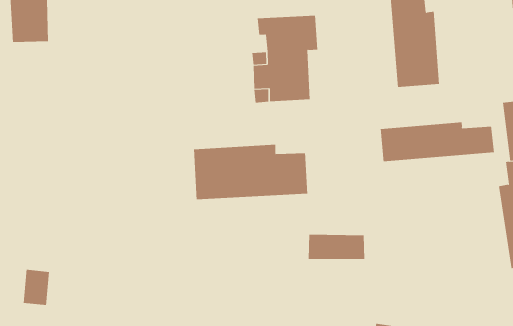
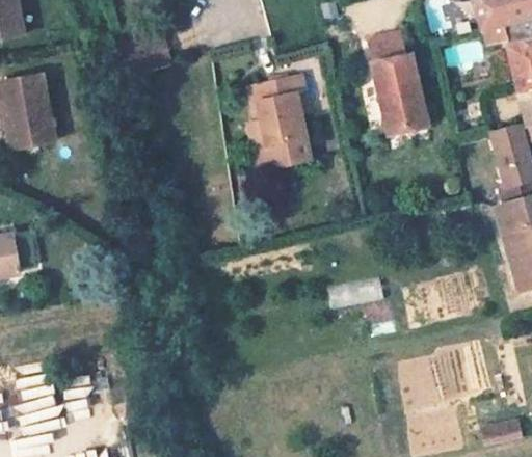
building: [380,122,494,162] -> none
building: [193,144,308,200] -> none

